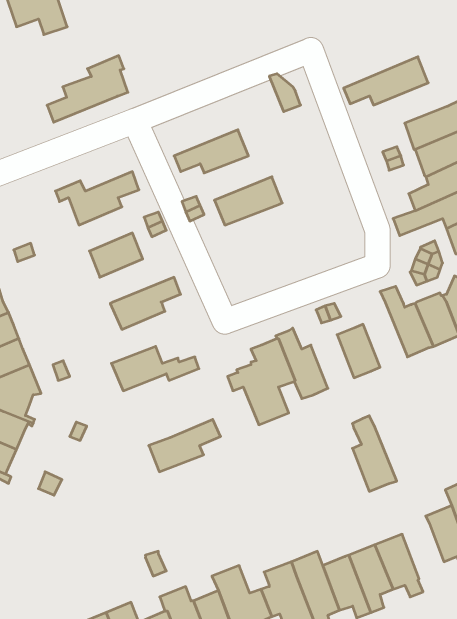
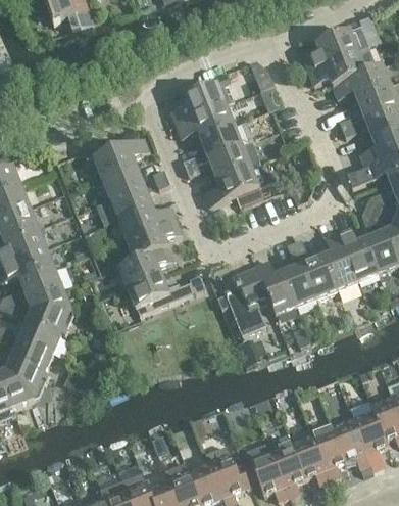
building: none -> [303,26,367,71]
building: [47,56,128,122] -> [170,72,234,124]
building: none -> [332,64,390,98]
building: none -> [199,124,242,158]
building: none -> [203,162,266,205]
building: none -> [101,164,143,198]
building: none -> [117,204,176,239]
building: none -> [283,264,316,306]
building: [352,416,397,491] -> [323,230,358,289]
building: [149,419,221,472] -> [118,245,174,286]
building: none -> [354,412,389,455]

